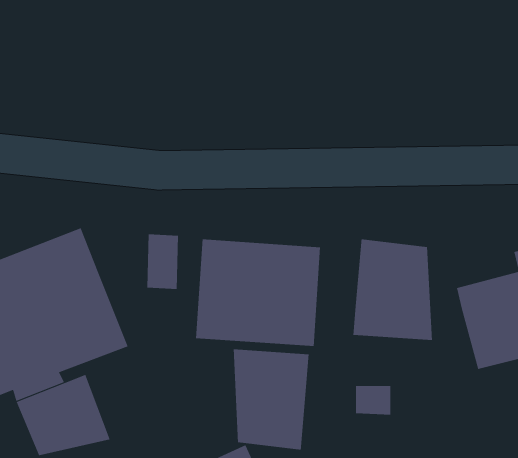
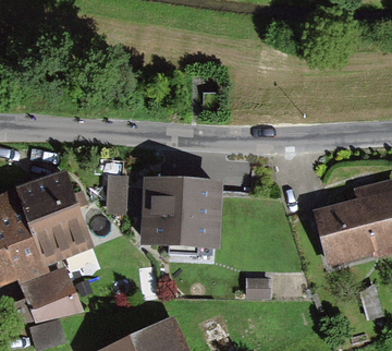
building: [353,239,433,341] -> none
building: [233,349,309,450] -> none

